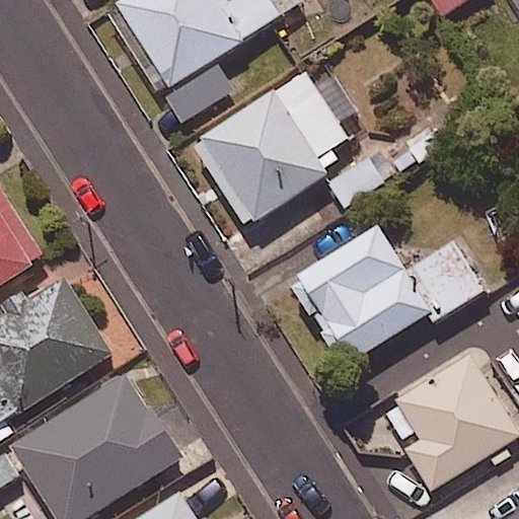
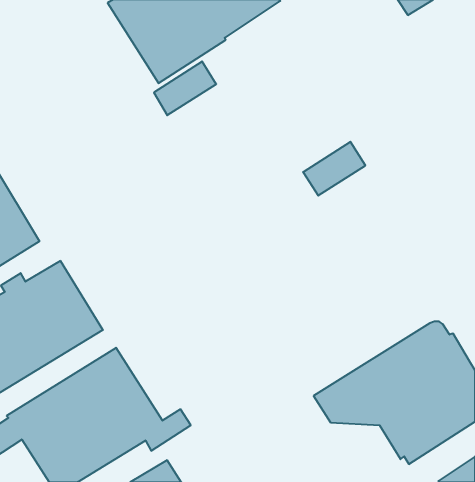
building: [193,70,357,223] -> none
building: [291,225,481,364] -> none

